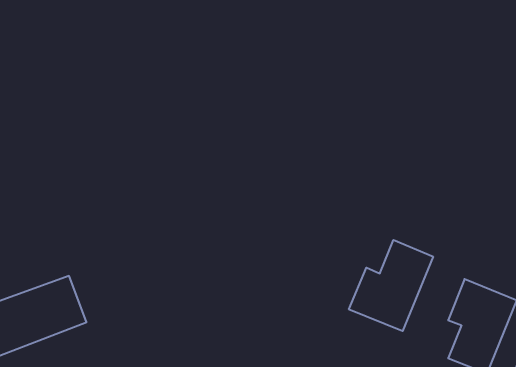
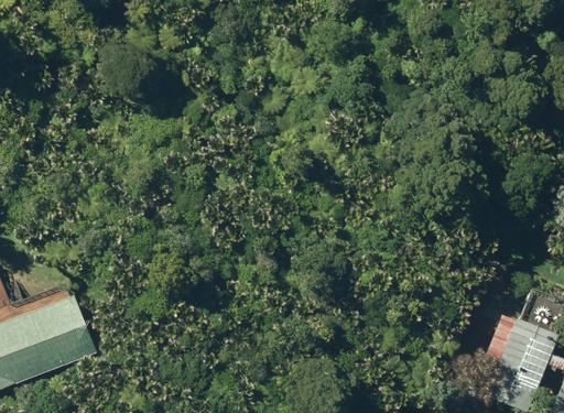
building: [349,240,433,331] -> none

